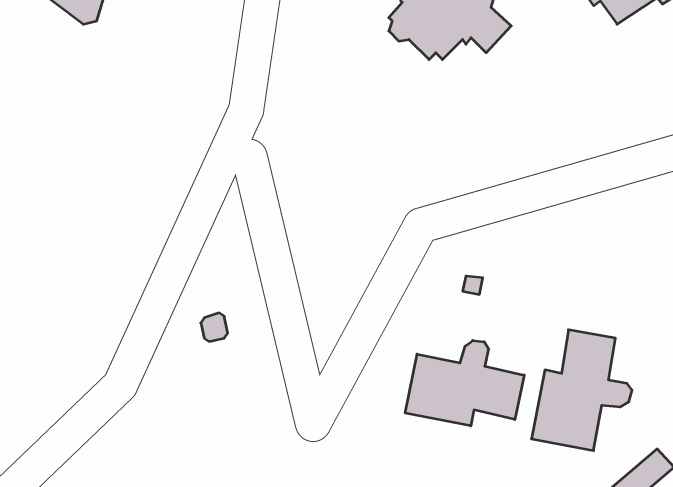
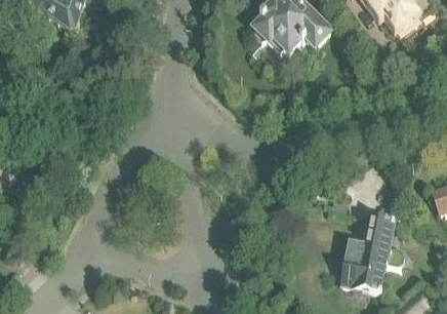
building: [405,340,524,426] -> none

